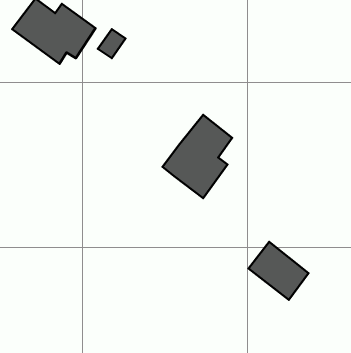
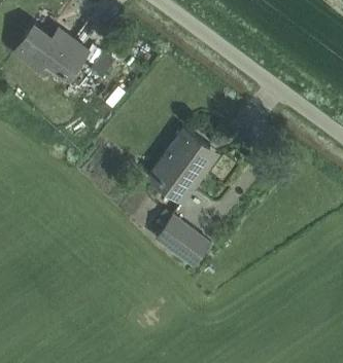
building: [248,242,309,300] -> [157,213,210,264]

